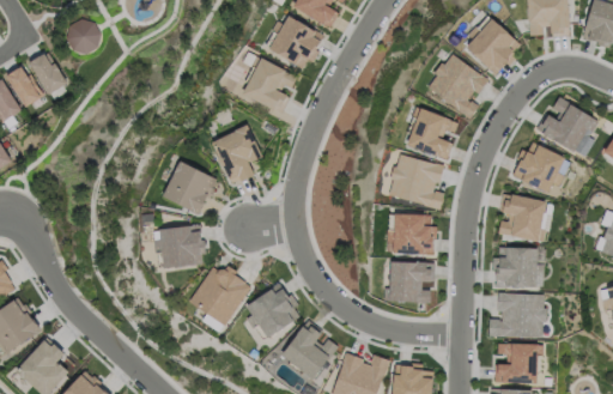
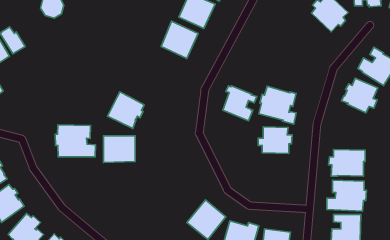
building: [28,53,65,95] -> none
building: [426,55,486,119] -> none
building: [407,108,457,159] -> [223,86,257,121]
building: [213,127,265,183] -> none
building: [498,195,553,243] -> none
building: none -> [55,125,96,157]
building: [383,261,433,303] -> none
building: [190,267,253,328] -> none
building: [245,283,303,340] -> none

